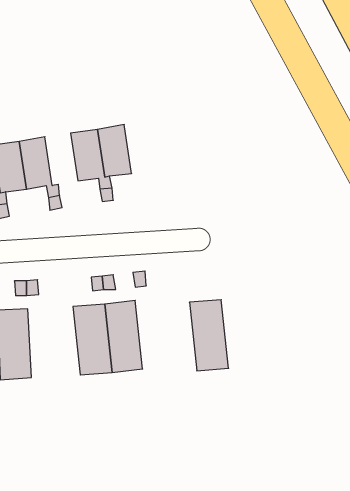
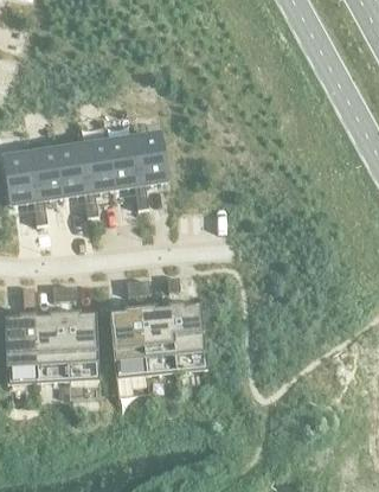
building: none -> [81,140,113,191]
building: [189,300,229,371] -> [168,300,206,369]
building: none -> [64,309,98,377]

